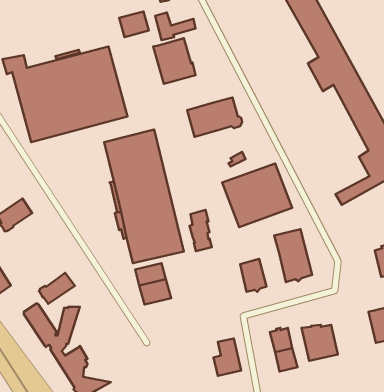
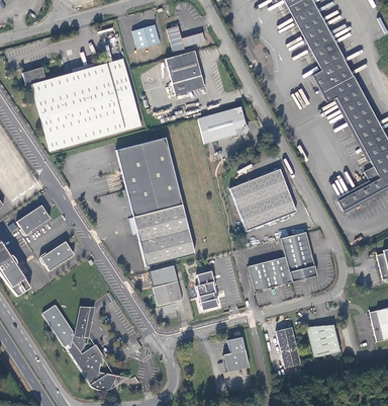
building: [189,210,212,251] -> [195,271,216,311]
building: none -> [266,257,291,288]
building: [39,273,75,304] -> [38,241,73,270]

